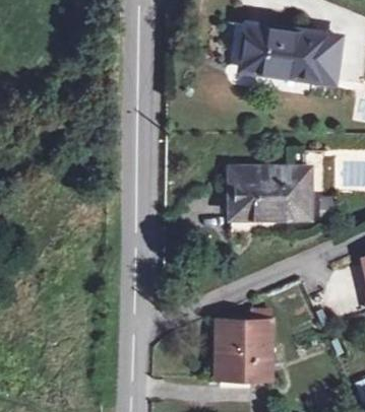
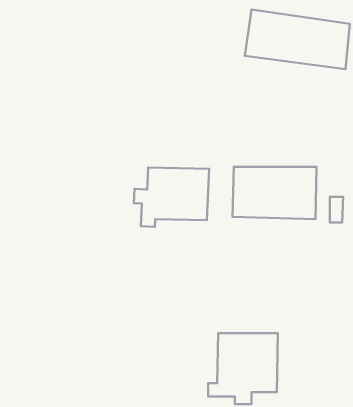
building: none -> [134,167,209,227]

